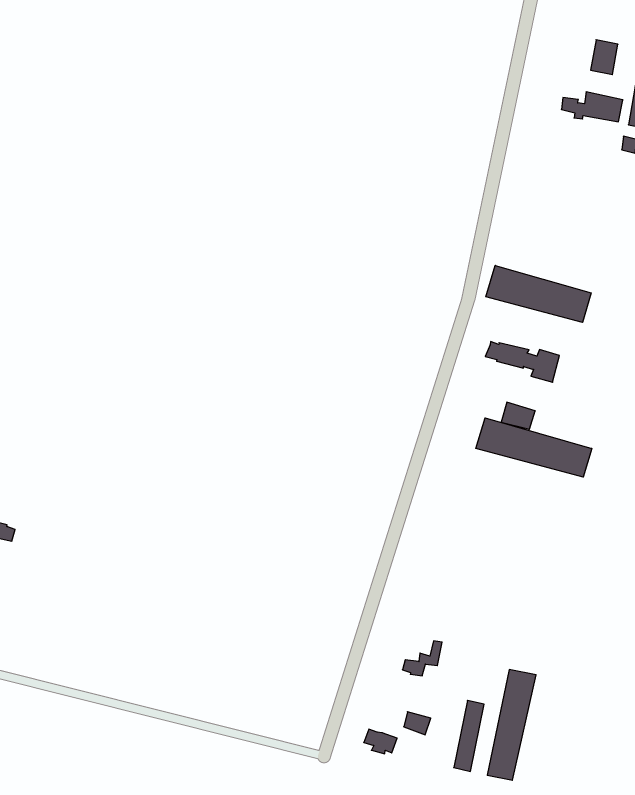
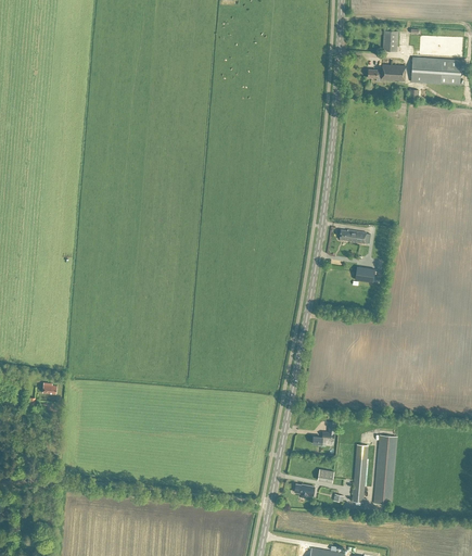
building: [486,265,591,322] -> none
building: [476,418,592,477] -> none

